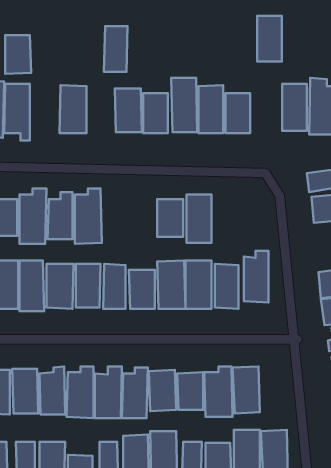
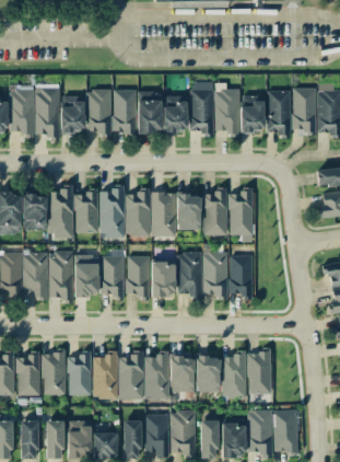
building: [257,16,282,62] -> [268,91,291,134]
building: [104,26,128,72] -> [113,90,134,132]
building: [5,35,31,74] -> [61,96,85,132]
building: none -> [126,190,175,236]
building: [244,251,269,303] -> [230,187,253,235]

